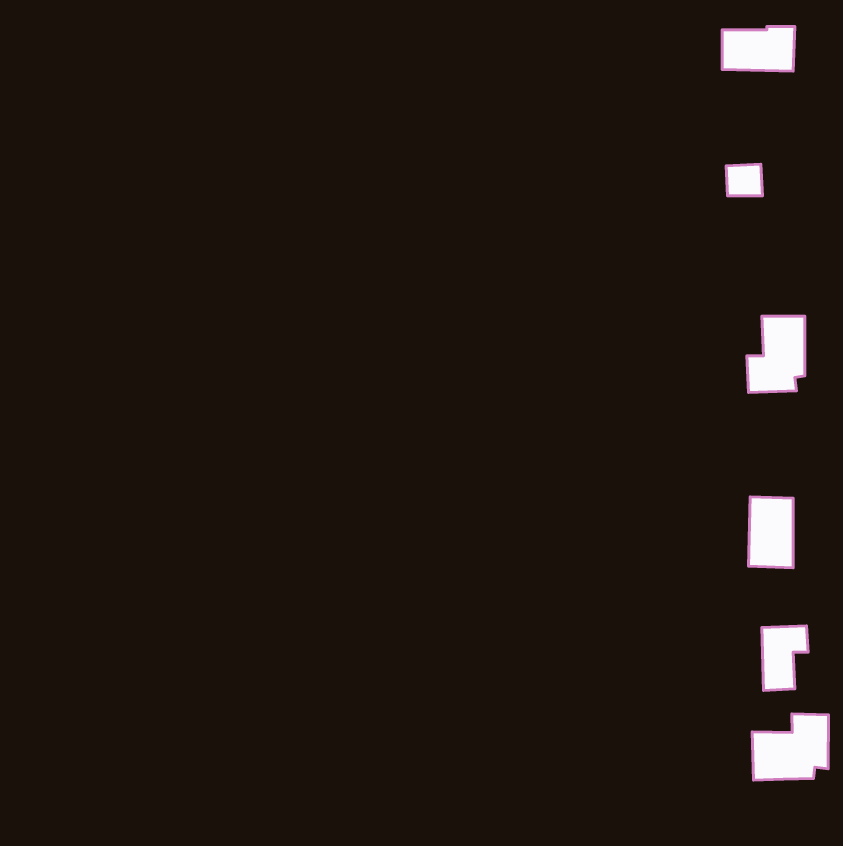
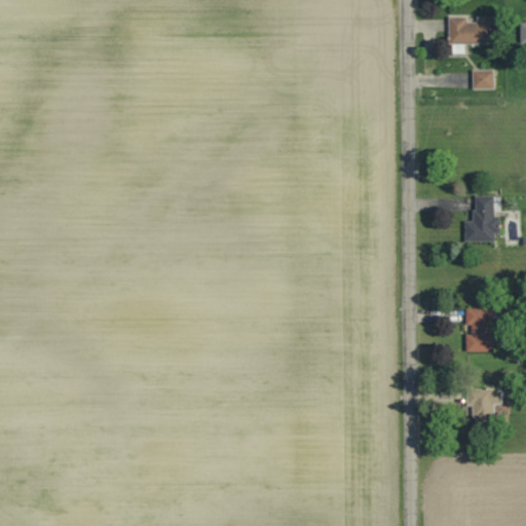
building: [726,164,762,196] -> [472,70,494,89]
building: [752,714,828,780] -> none

